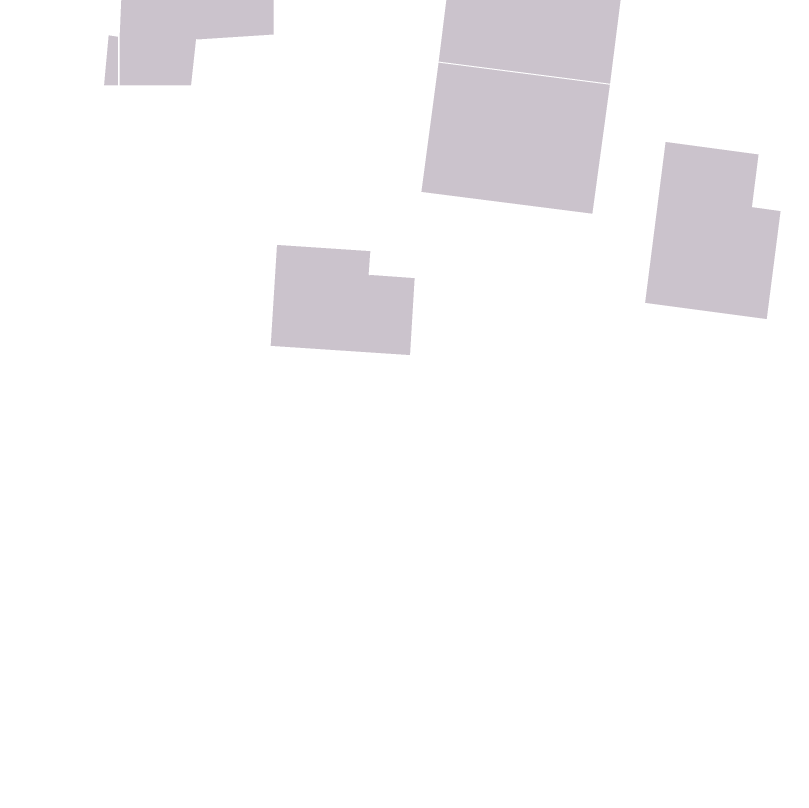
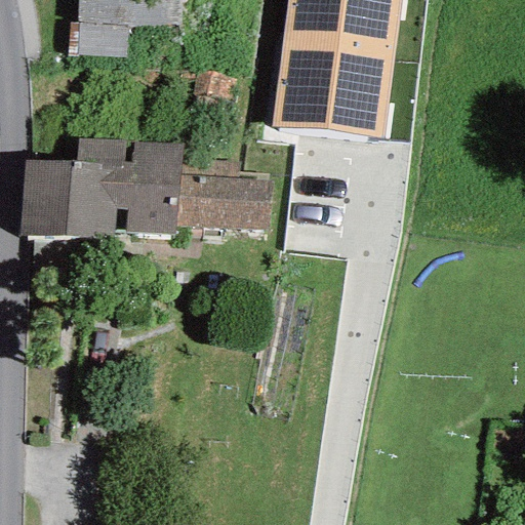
building: [644,141,781,320] -> none
building: none -> [22,137,183,238]

